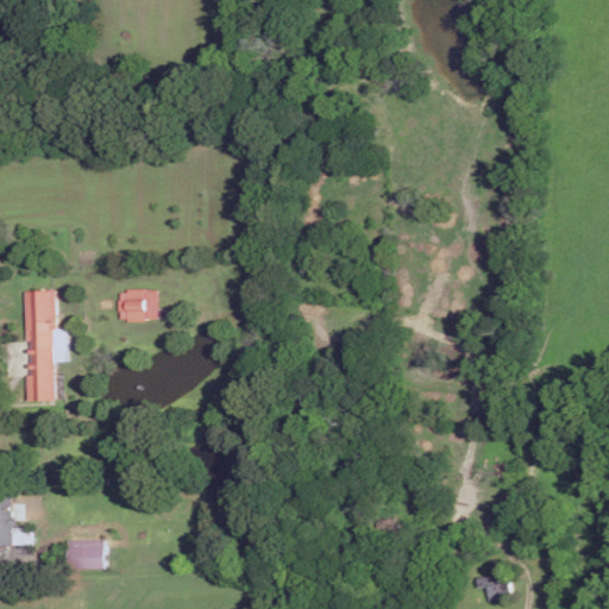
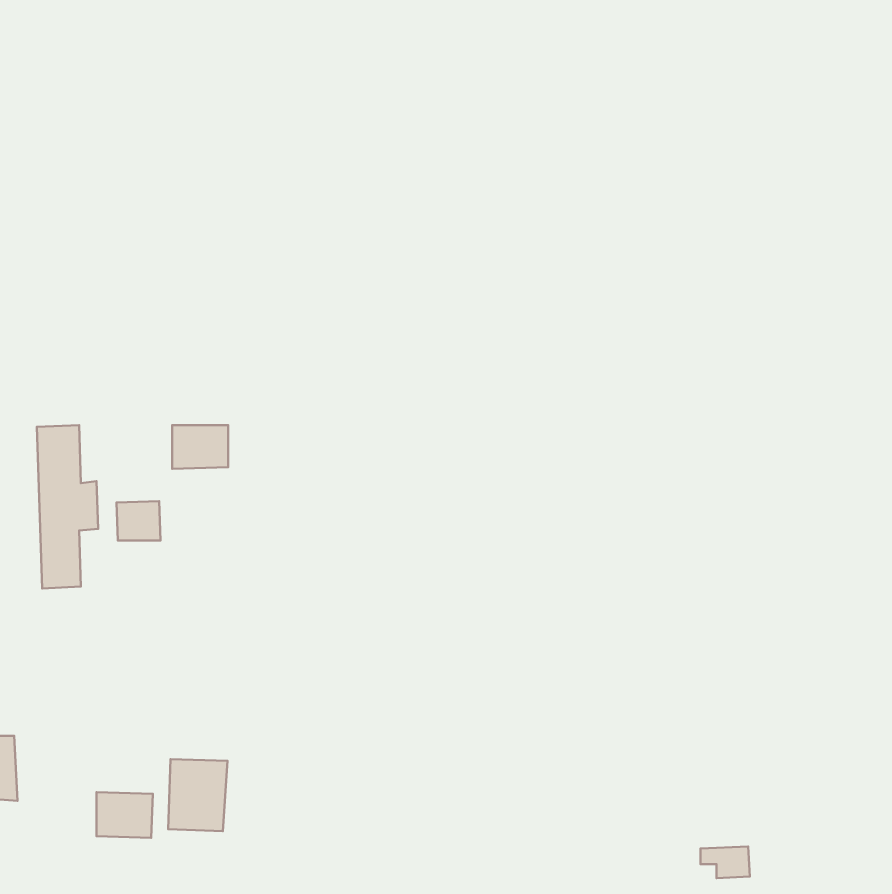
building: none -> [117,501,160,541]
building: none -> [168,759,227,831]

